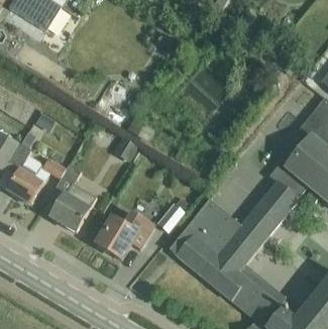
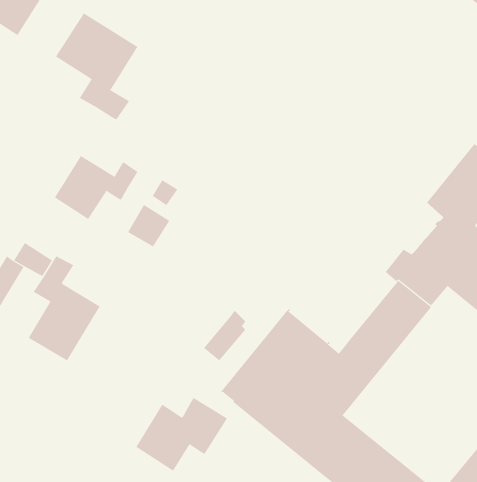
building: none -> [55,13,138,120]
building: none -> [54,155,138,220]
building: [98,213,154,258] -> [135,397,228,471]

